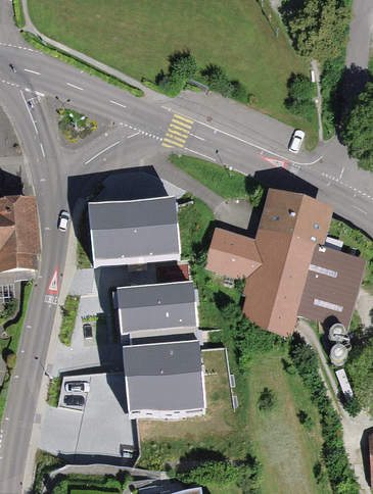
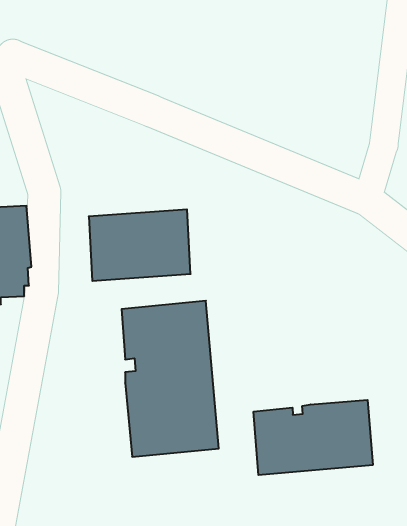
building: [207,200,351,338] -> none
building: none -> [254,400,373,475]

